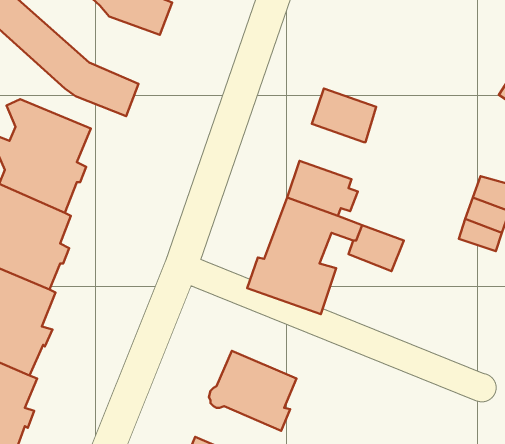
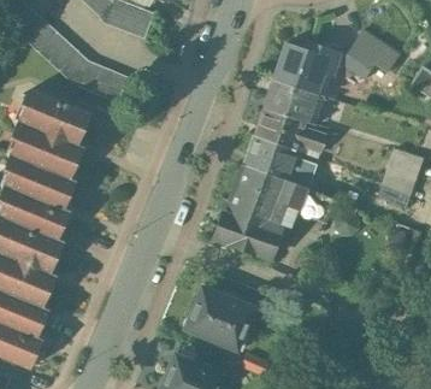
building: none -> [344,30,401,79]
building: none -> [273,42,340,95]
building: none -> [254,108,326,152]

